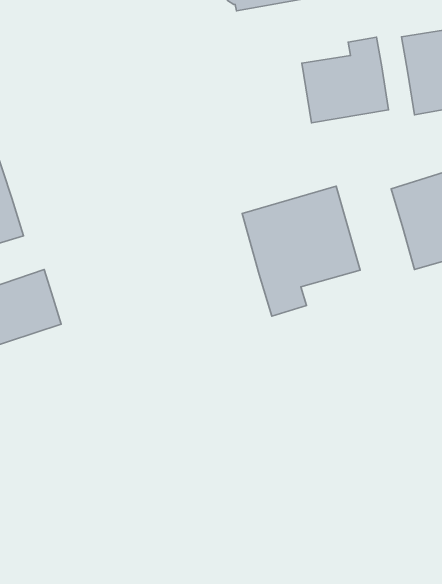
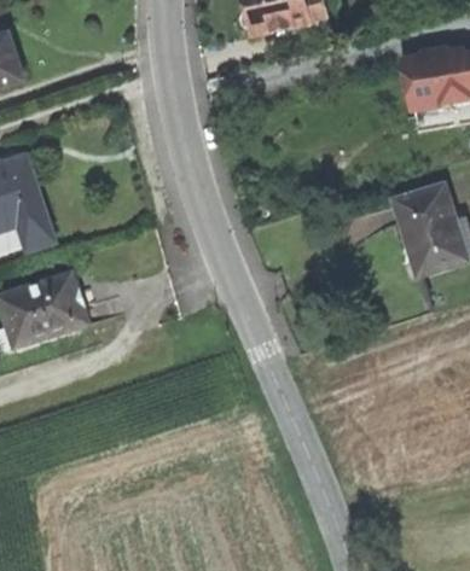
building: [302,37,389,123] -> none
building: [242,186,360,316] -> none

